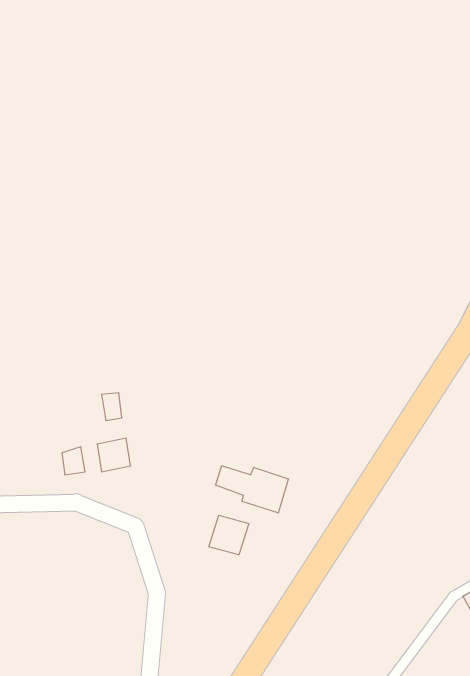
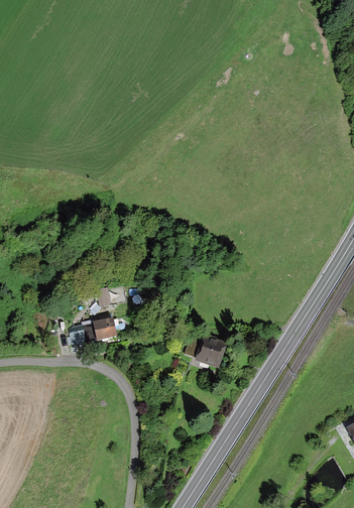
building: [209,515,249,555] -> none

